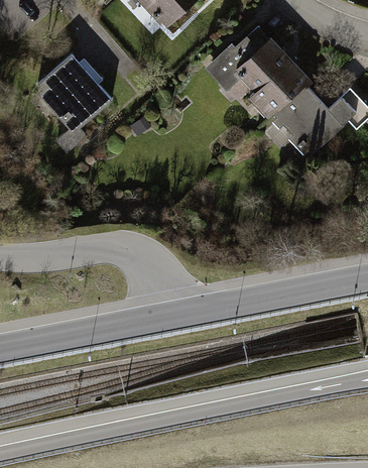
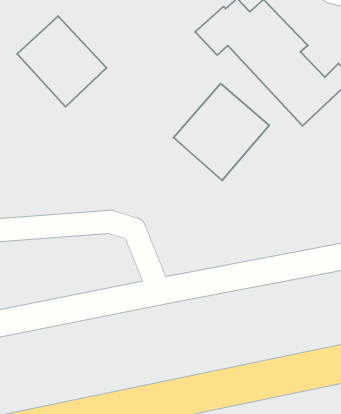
building: none -> [173,84,269,181]

